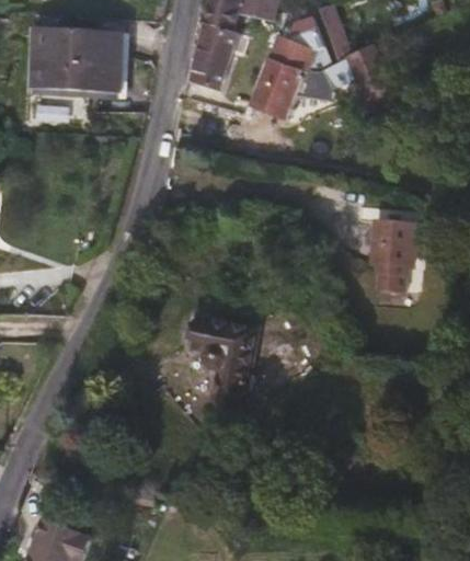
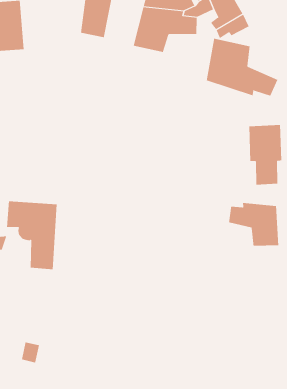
building: none -> [206,38,278,96]
building: none -> [229,202,279,247]
building: [191,316,256,407] -> [6,201,57,270]

